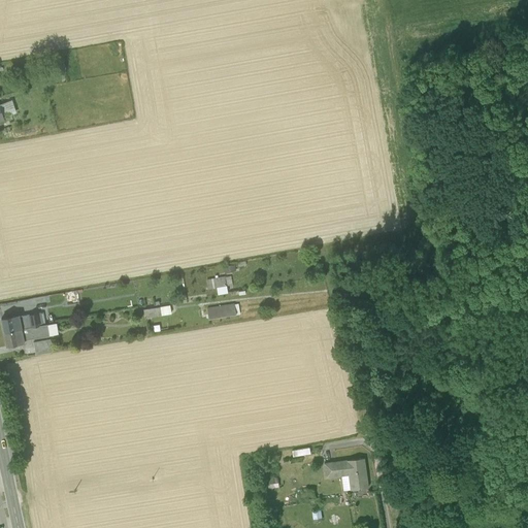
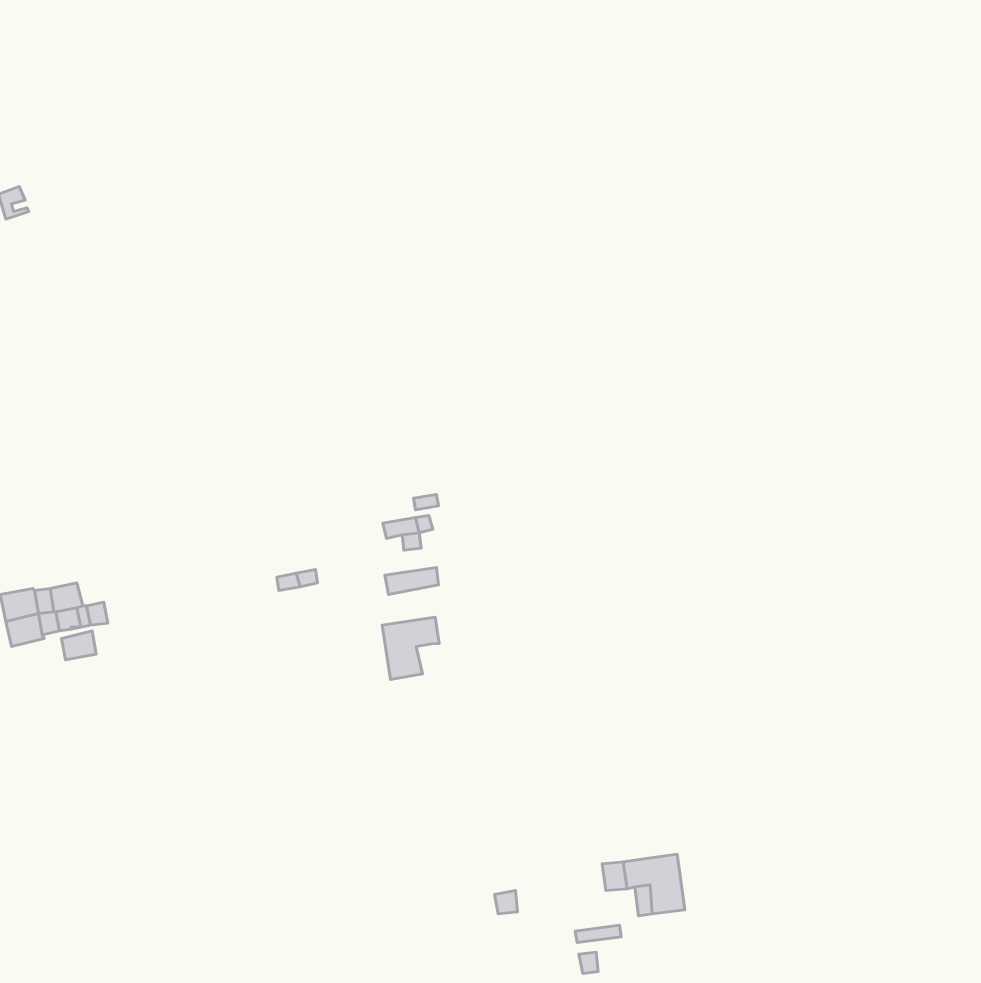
building: none -> [382,617,439,680]

